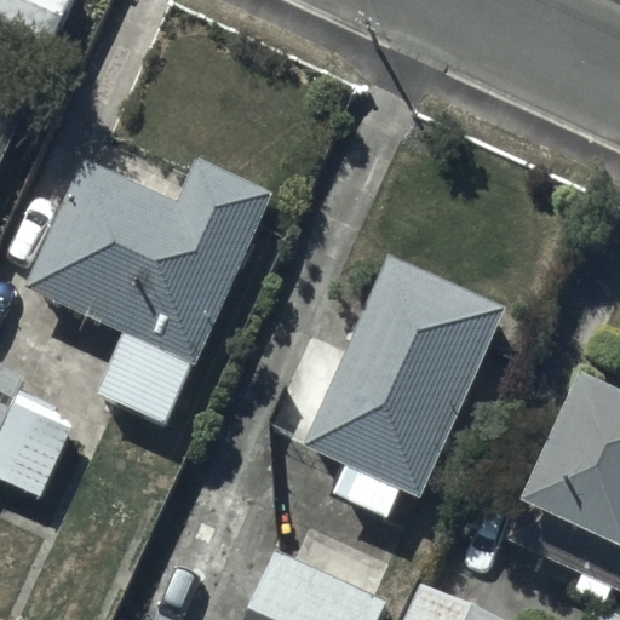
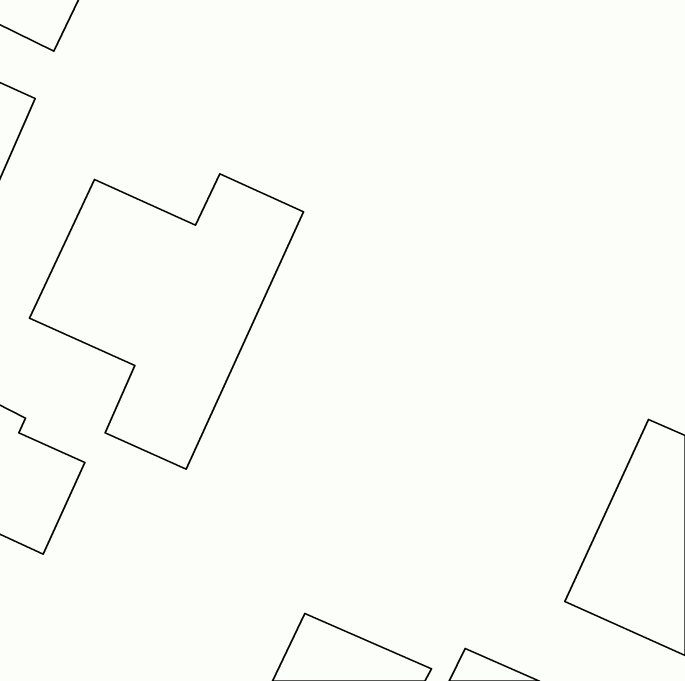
building: [304,257,505,517] -> none

